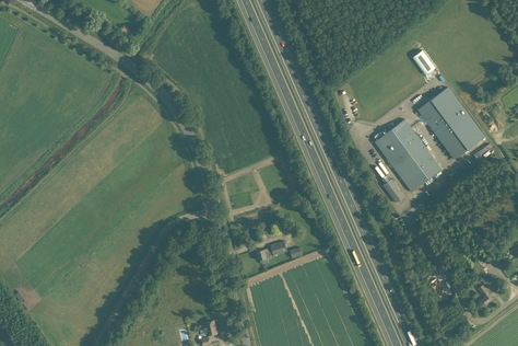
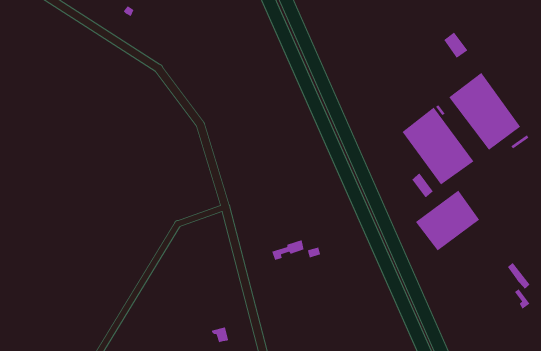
building: none -> [415,189,480,252]

